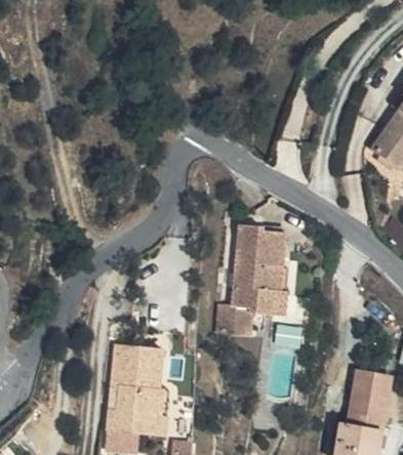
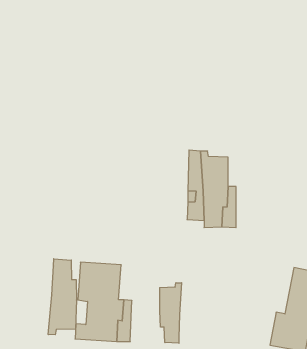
building: [217,299,252,333] -> none
building: none -> [48,259,76,335]
building: none -> [160,283,182,343]

